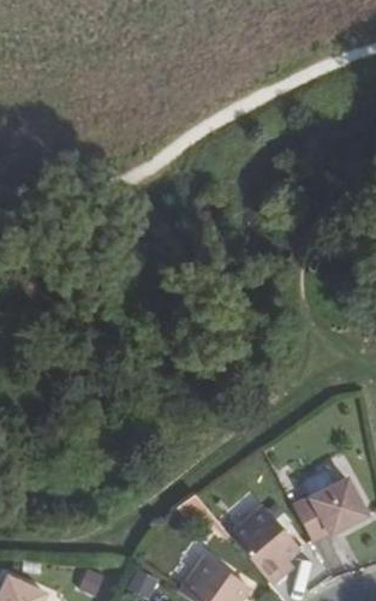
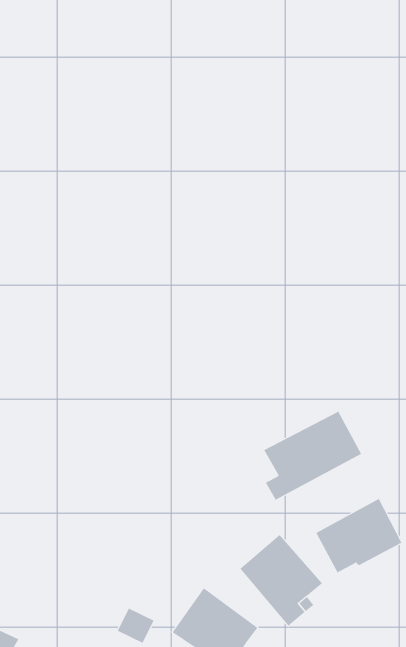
building: none -> [263,411,362,501]

